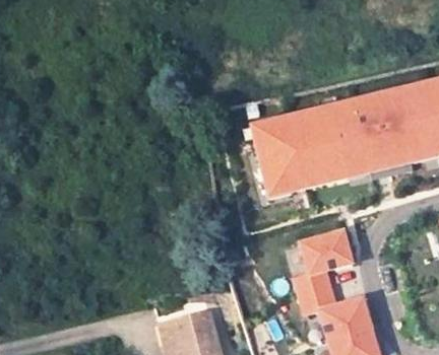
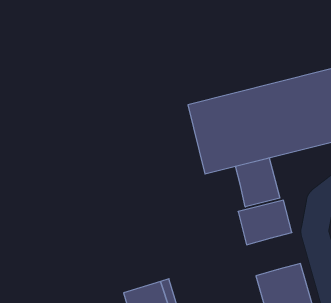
building: none -> [235,158,280,207]
building: [295,269,339,311] -> none

